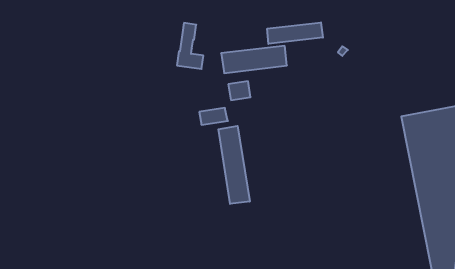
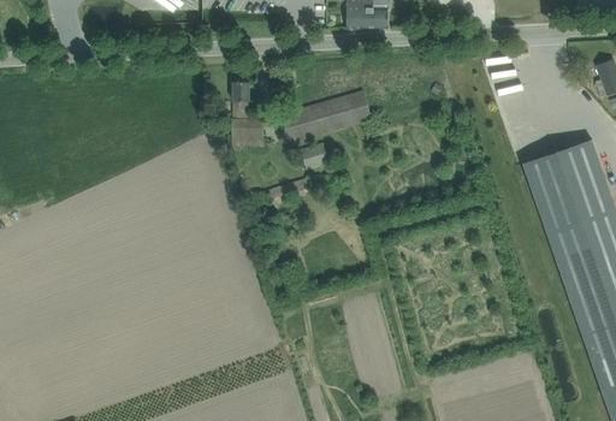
building: [267,22,323,44] -> none
building: [218,126,250,204] -> none

